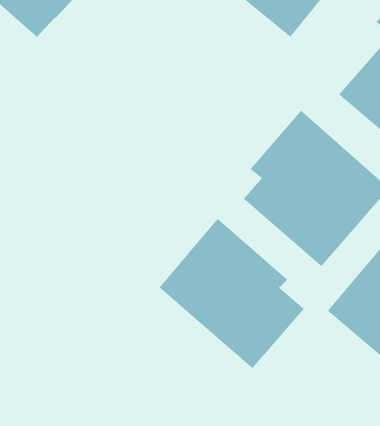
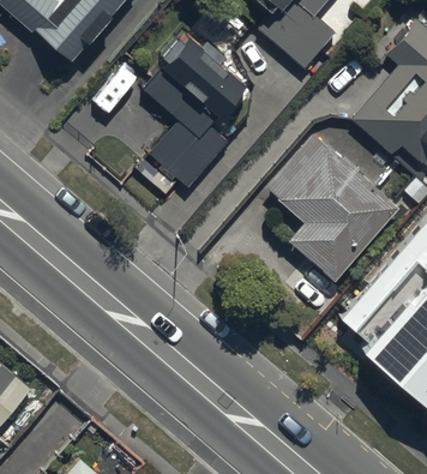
building: none -> [143,43,246,188]
building: [158,218,305,369] -> none

